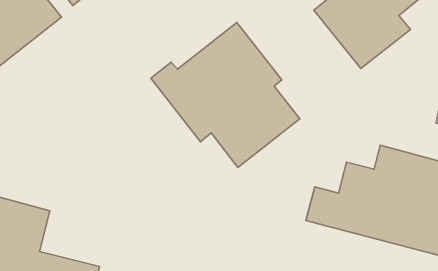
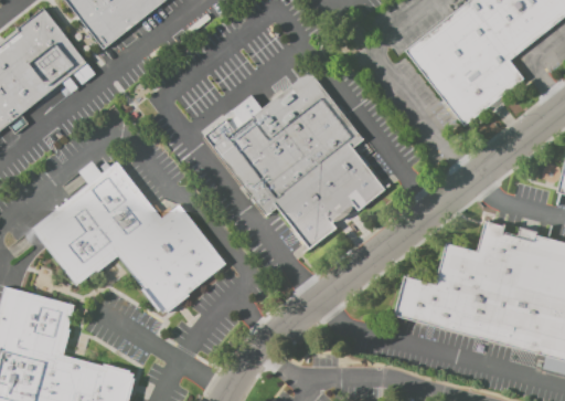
building: none -> [31,160,227,315]

